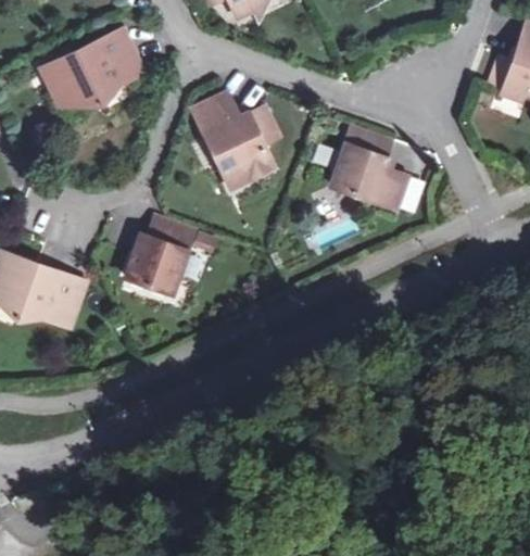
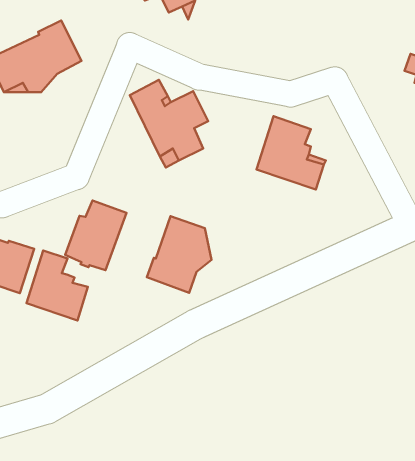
building: none -> [147,216,211,293]
building: none -> [26,250,88,320]

